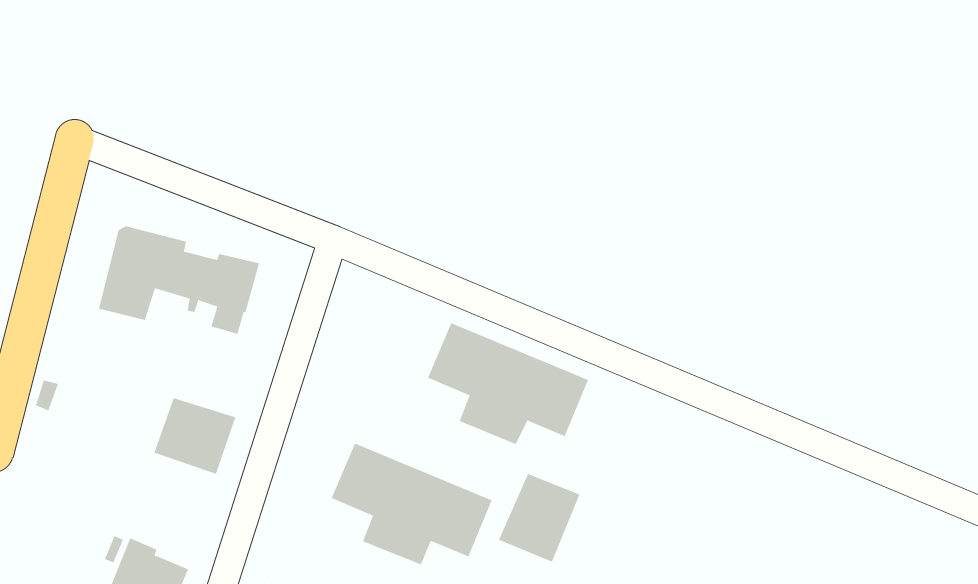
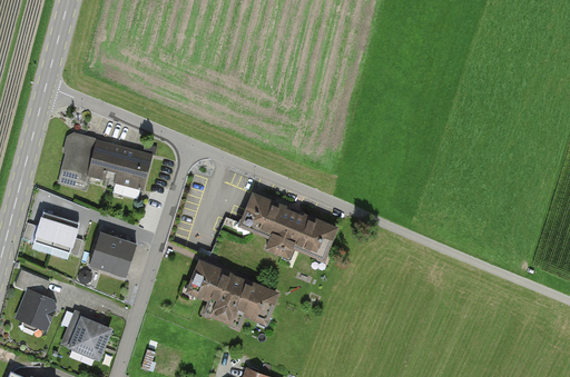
building: none -> [32,212,81,256]
building: none -> [13,270,52,328]
building: [498,473,580,562] -> none

